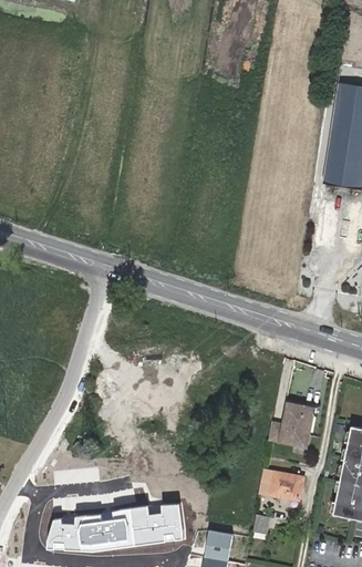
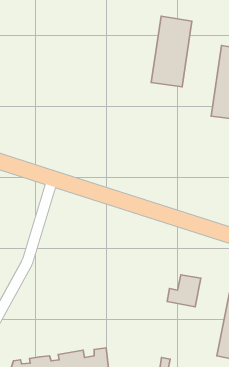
building: none -> [151,16,192,87]
building: [260,468,304,498] -> none

